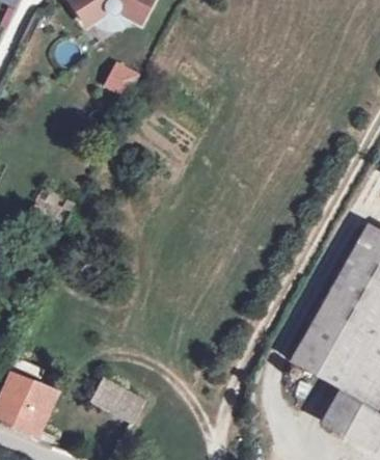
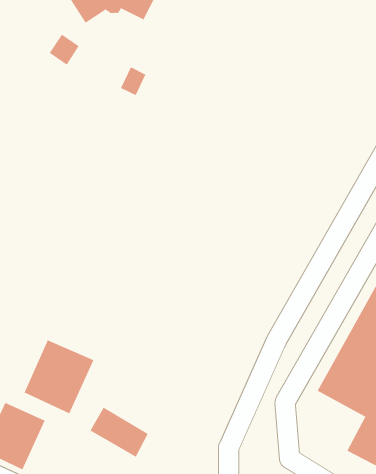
building: none -> [24,339,94,414]

